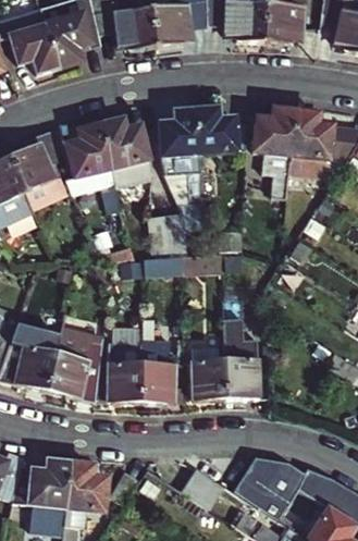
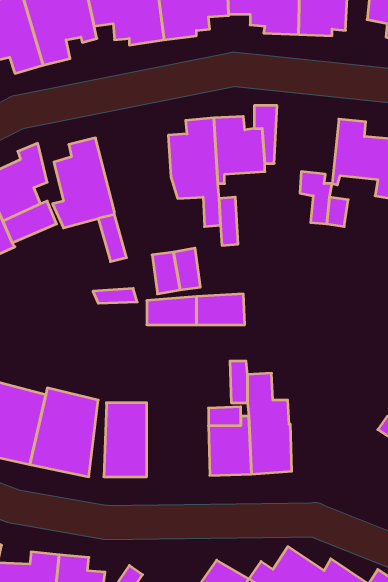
building: [254,108,297,162] -> none
building: [100,120,151,185] -> none
building: [141,340,174,401] -> none

